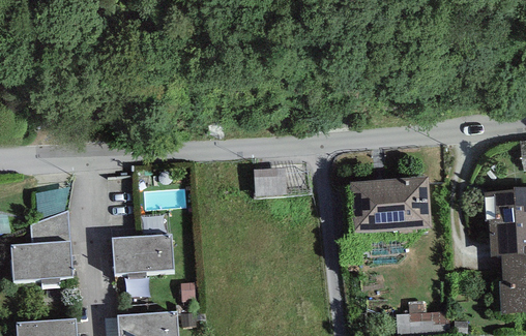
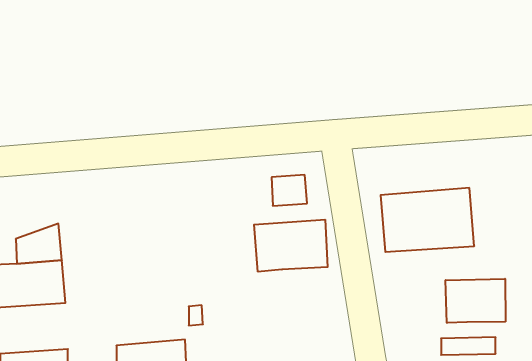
building: none -> [254,220,328,272]
building: [111,236,173,277] -> none
building: none -> [446,279,505,323]

